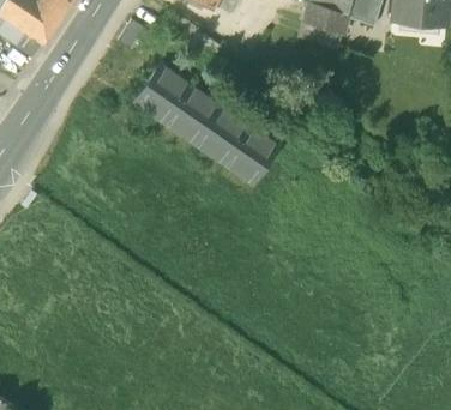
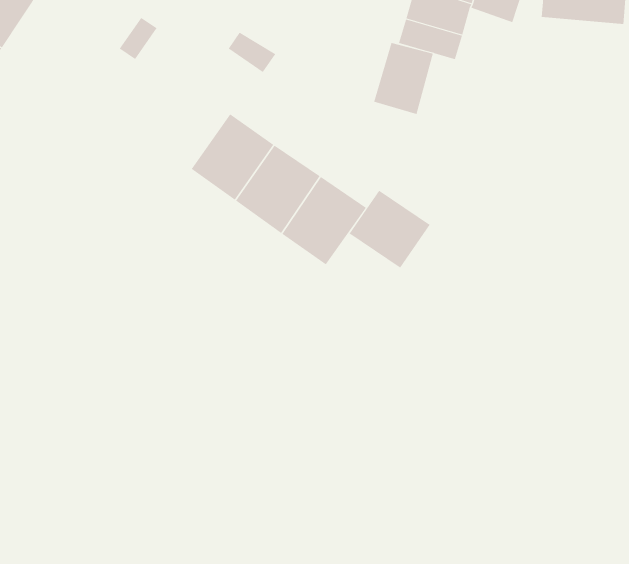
building: none -> [374,42,434,115]
building: [134,64,190,120] -> none
building: none -> [349,190,430,269]

